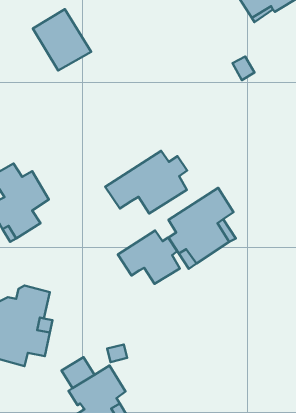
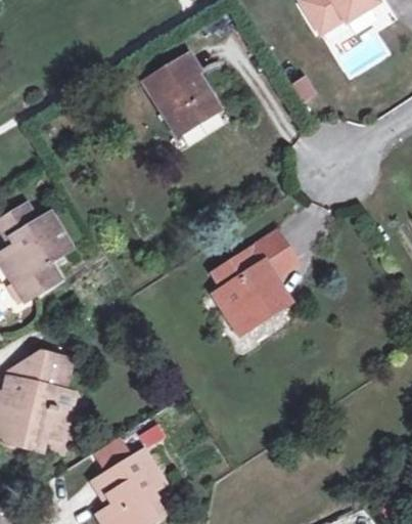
building: [33,9,91,71] -> [146,57,217,132]
building: [105,151,187,214] -> none
building: [118,231,180,284] -> none

